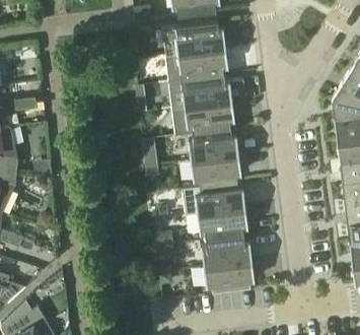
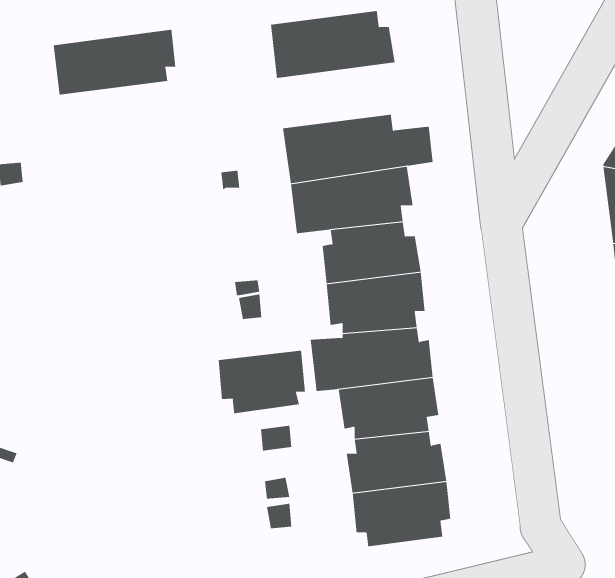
building: [165,48,228,81] -> [53,29,176,95]
building: none -> [218,350,305,414]

